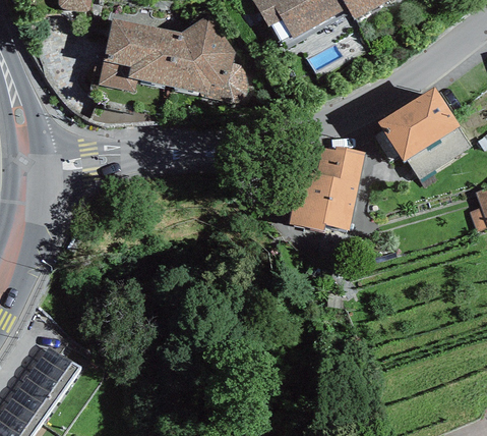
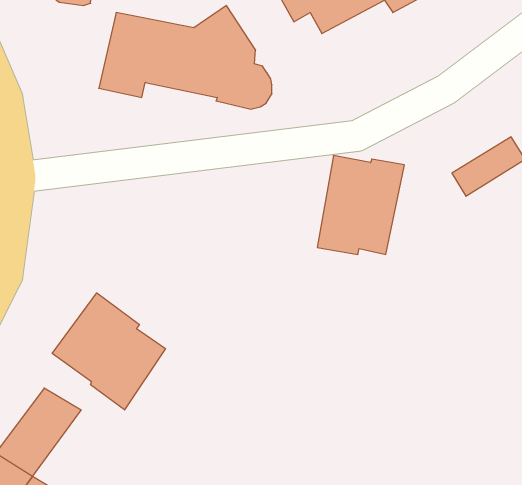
building: [377,87,459,161] -> none
building: none -> [52,293,165,410]

